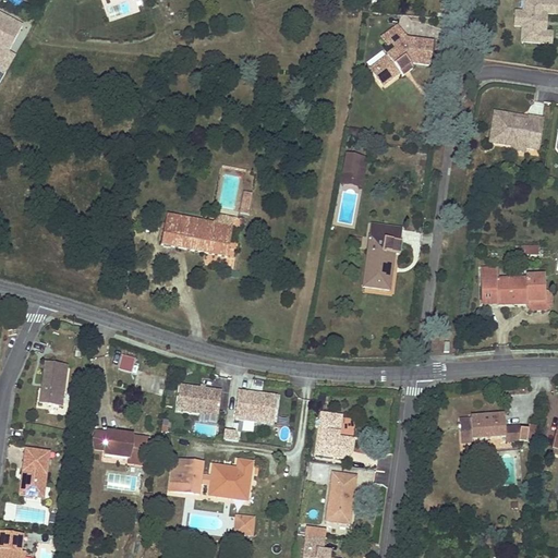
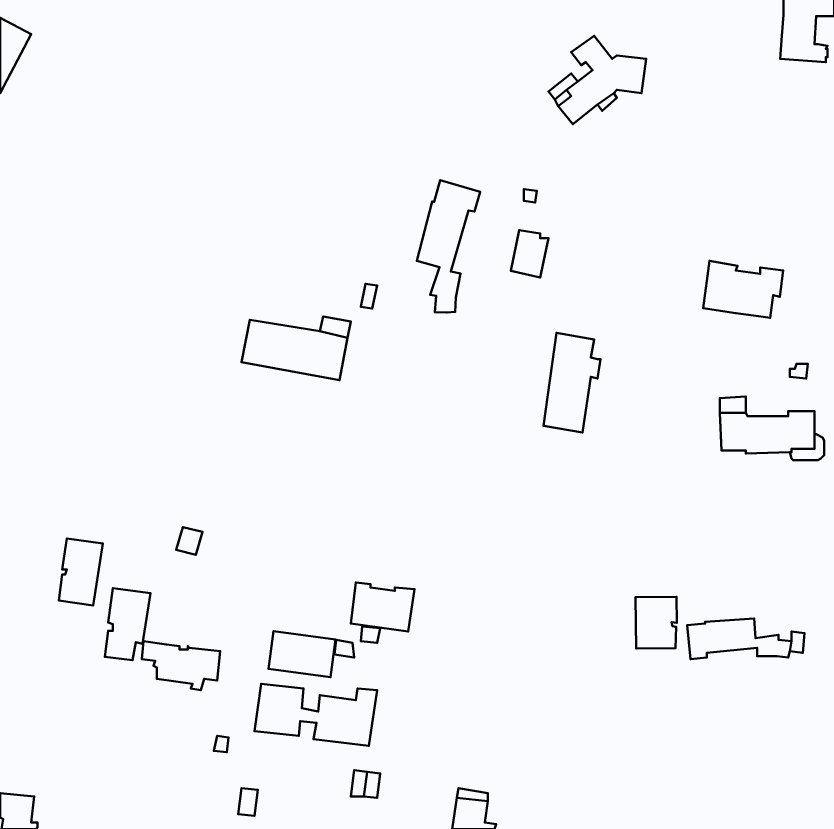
building: [489,109,543,147] -> [703,261,783,318]
building: none -> [417,180,480,312]
building: [177,384,221,414] -> [269,631,335,677]
building: none -> [635,597,677,648]
building: [316,411,353,457] -> none
building: [20,447,50,495] -> [105,588,151,660]
building: [326,472,356,522] -> none

